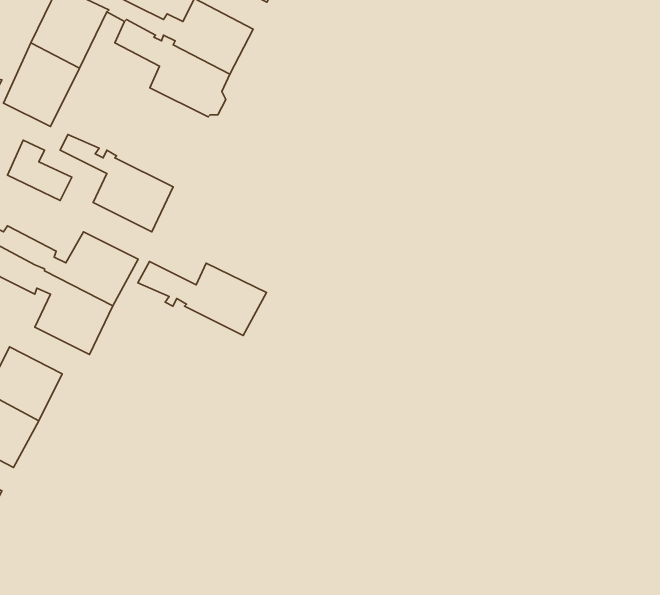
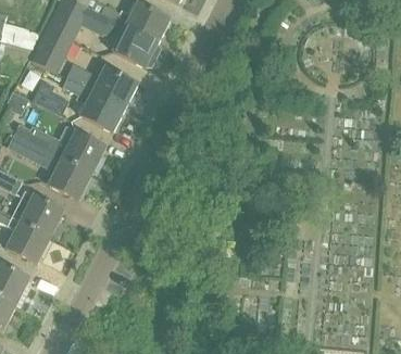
building: [138,261,266,335] -> [66,65,138,106]

